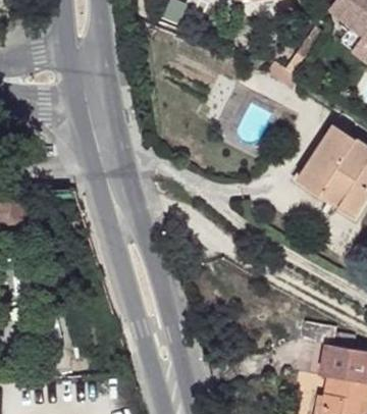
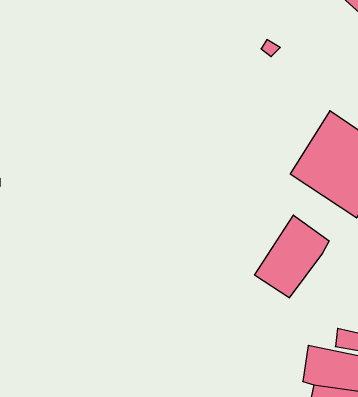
building: none -> [255,215,329,298]

